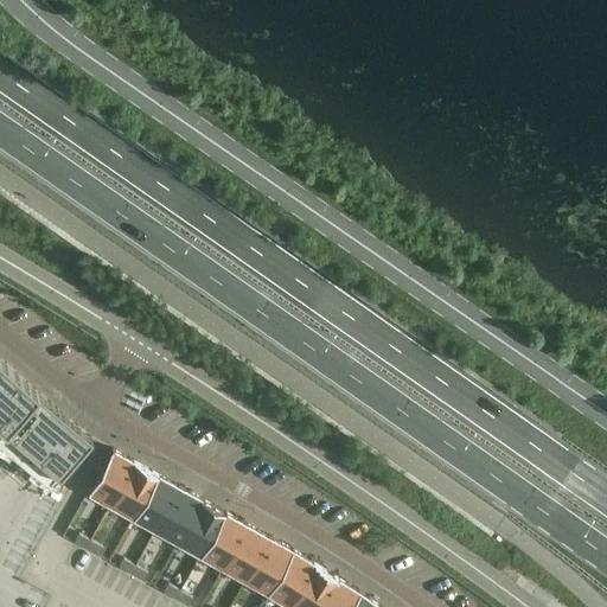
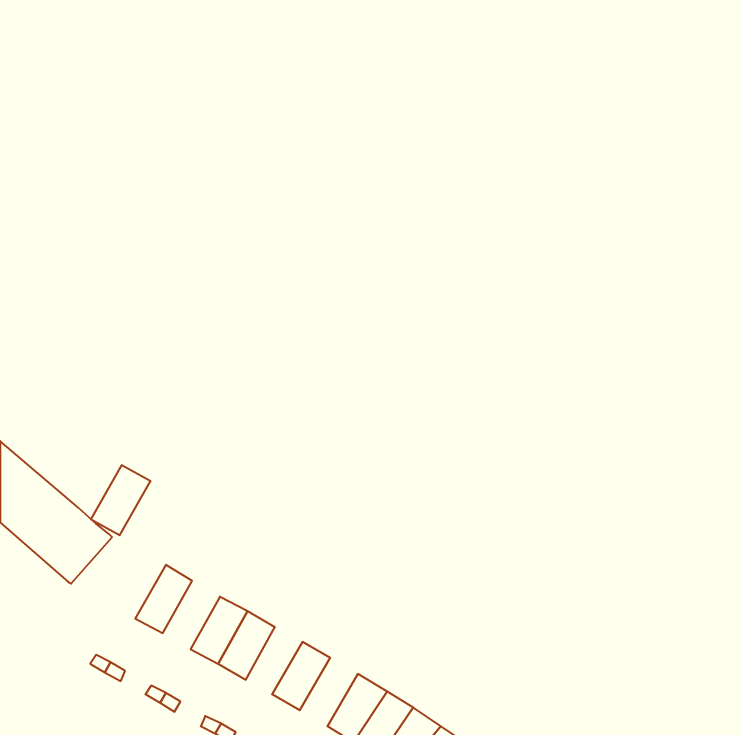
building: [88,454,136,511] -> [91,465,151,535]
building: [134,480,180,536] -> none
building: [202,518,248,573] -> none
building: [245,543,293,599] -> none

